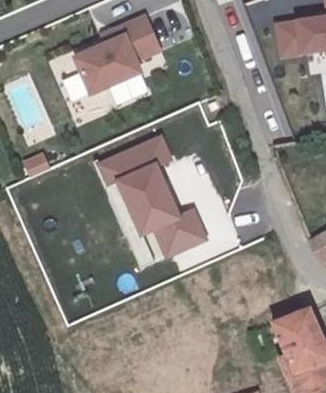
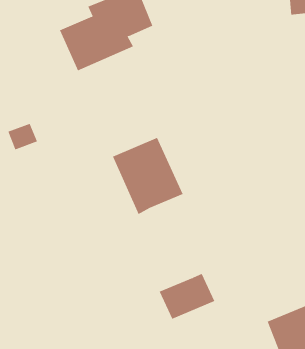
building: [102,136,173,186] -> none
building: [156,213,208,256] -> [159,273,215,320]

